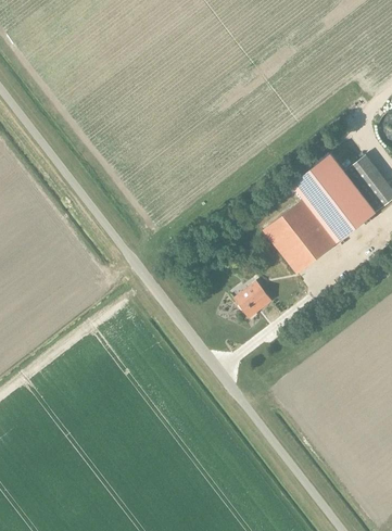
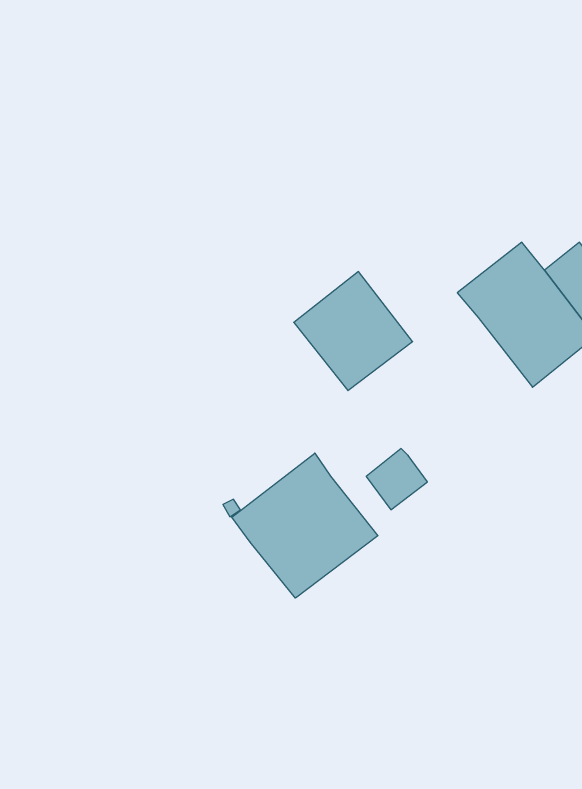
building: [263,200,337,274] -> [294,272,413,391]
building: none -> [232,453,378,598]

